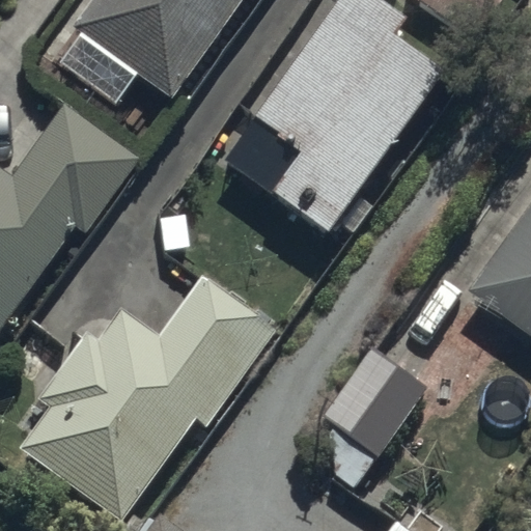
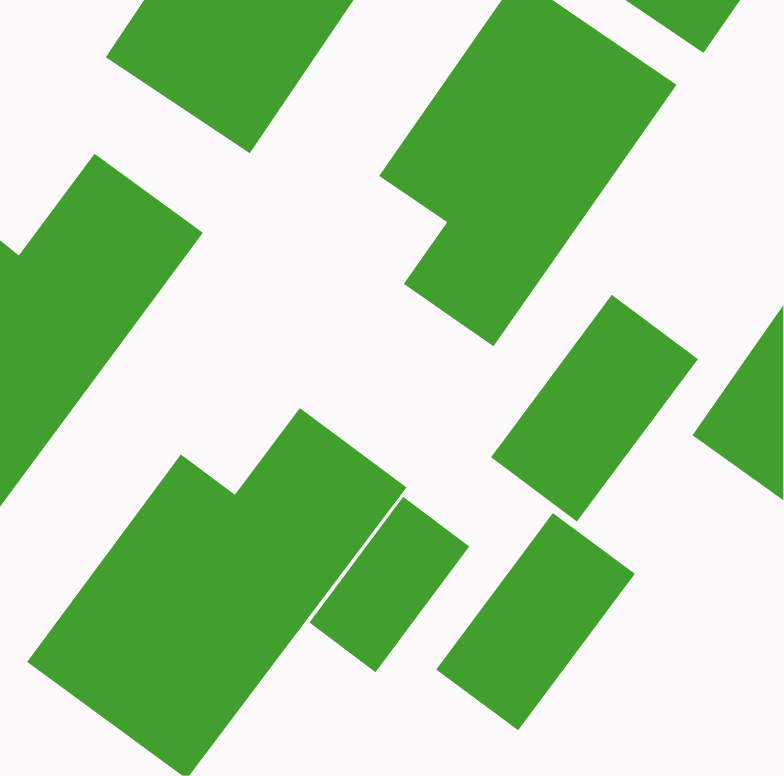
building: none -> [490,294,699,522]
building: none -> [309,496,470,673]

